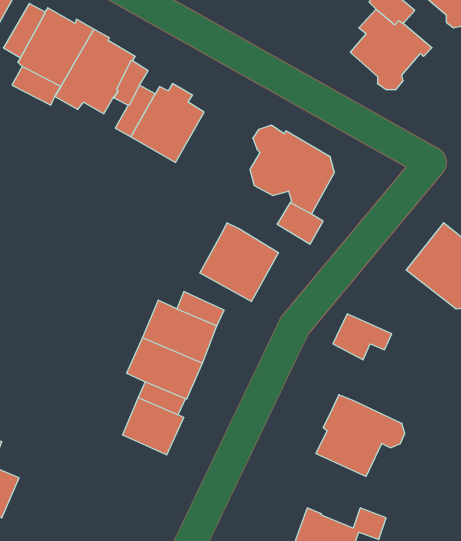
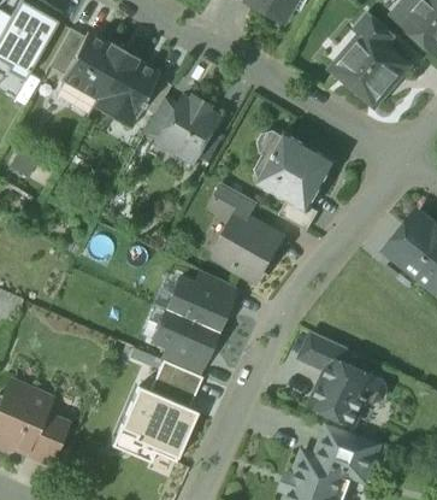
building: none -> [209,183,256,220]
building: [333,314,392,360] -> [300,333,349,371]
building: none -> [122,387,196,455]
building: none -> [317,429,377,470]

